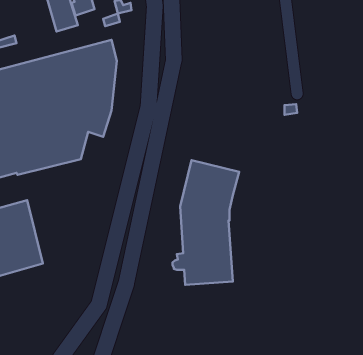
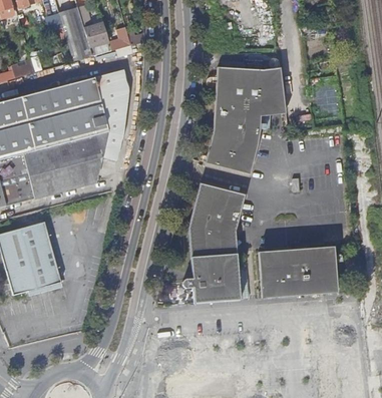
building: none -> [206,67,286,173]
building: none -> [258,247,337,298]

